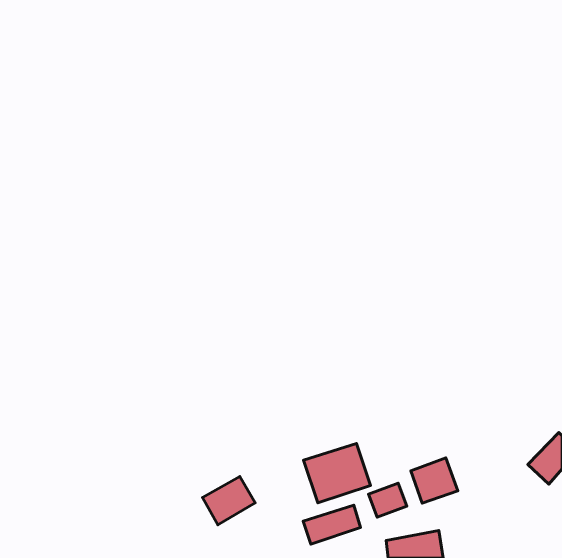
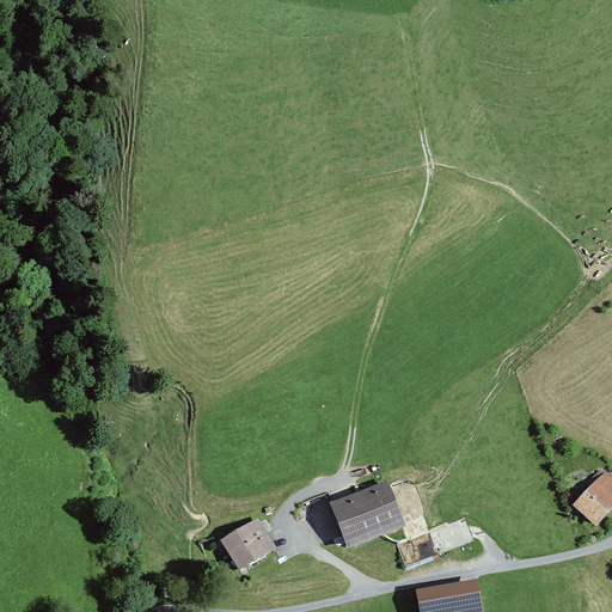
building: [411,458,458,503] -> none
building: [303,505,361,544] -> none

